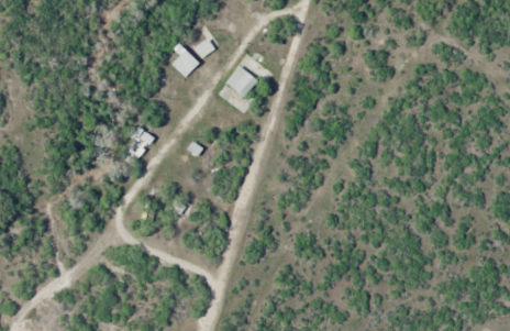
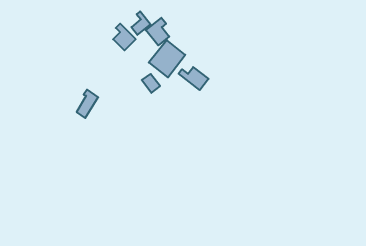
building: none -> [146,18,169,45]
building: none -> [179,67,209,90]

